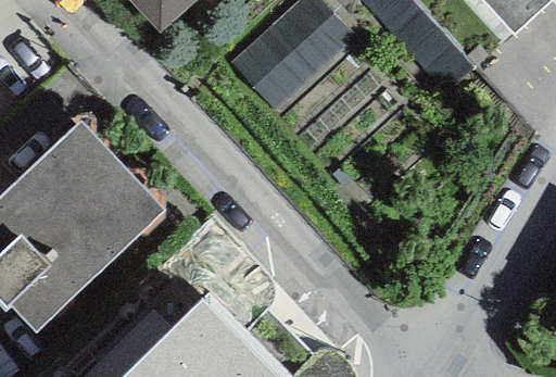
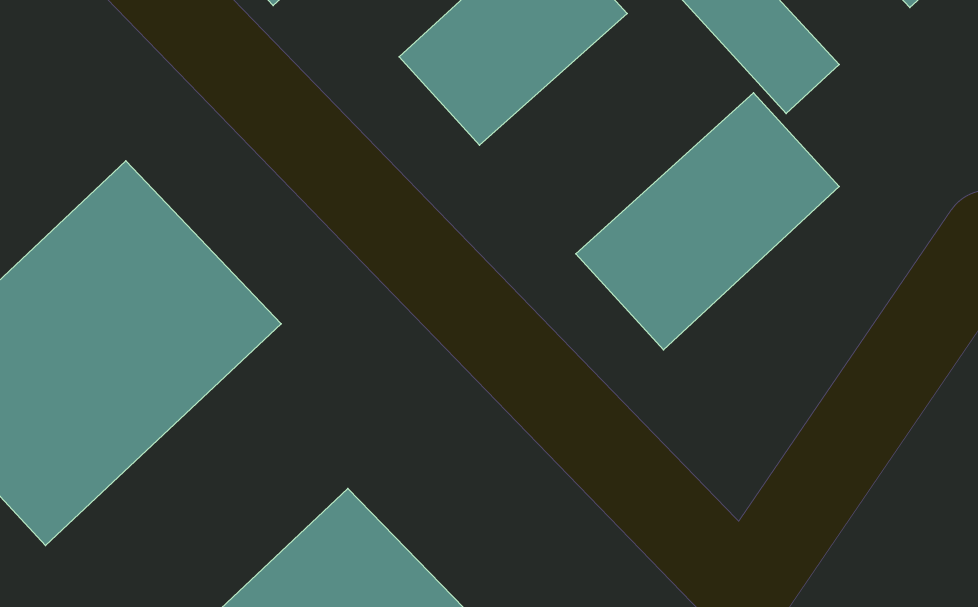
building: none -> [576,93,839,350]

